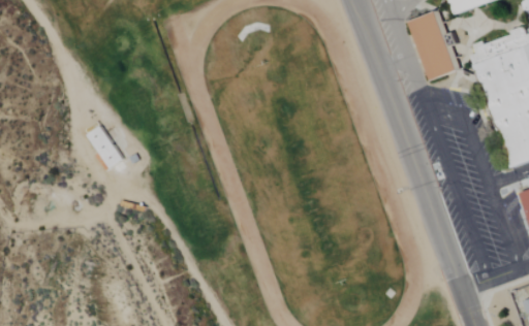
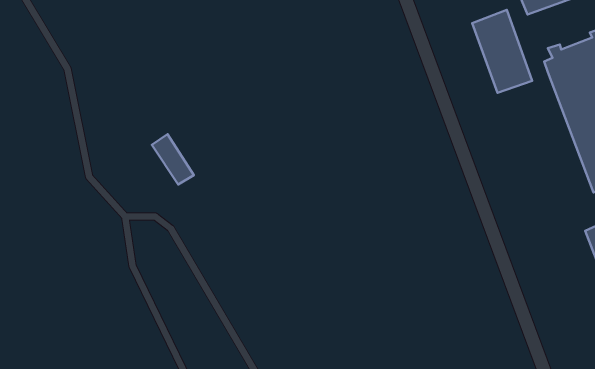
building: [88,126,124,169] -> [152,134,194,185]

